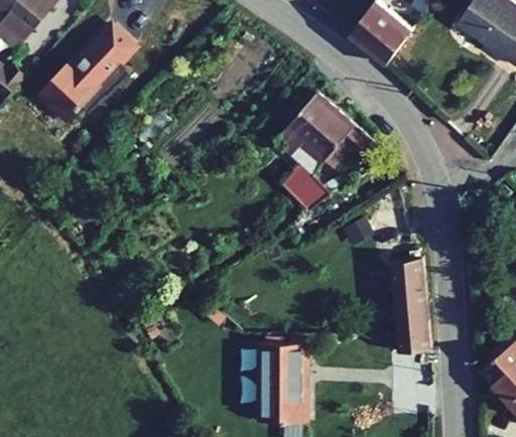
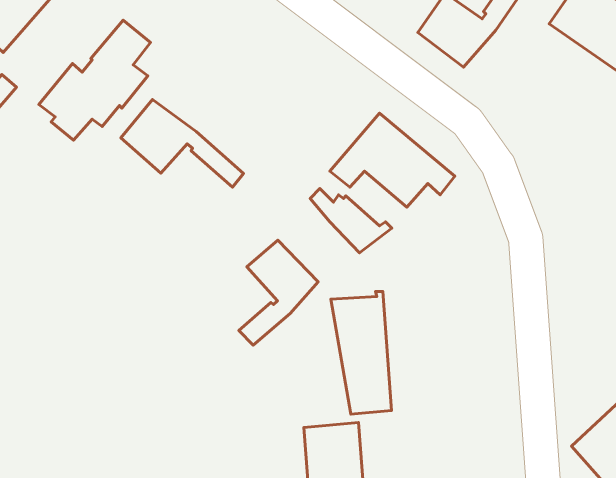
building: none -> [121,99,244,187]
building: none -> [239,240,318,345]
building: [381,253,430,352] -> [331,292,392,414]

